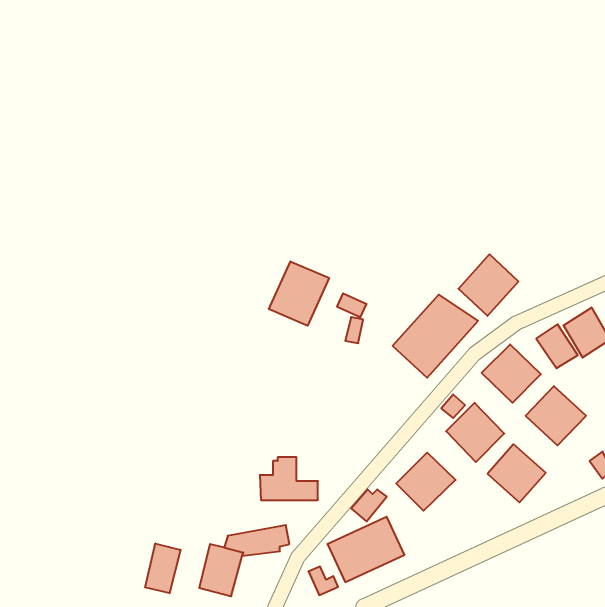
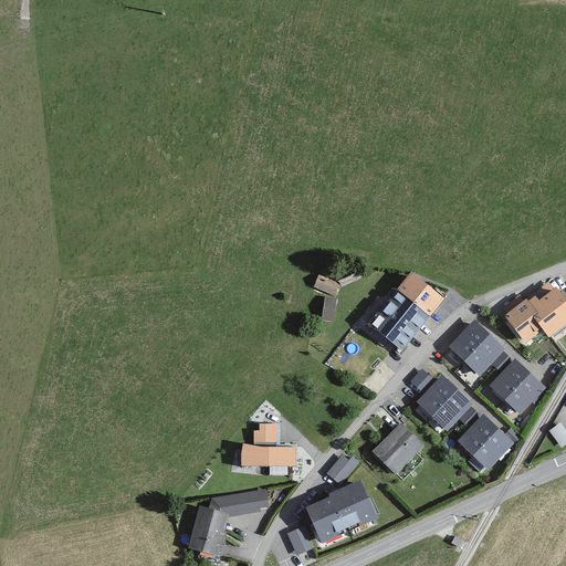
building: [458,254,518,316] -> none
building: [269,261,329,326] -> none
building: [145,543,181,593] -> none

